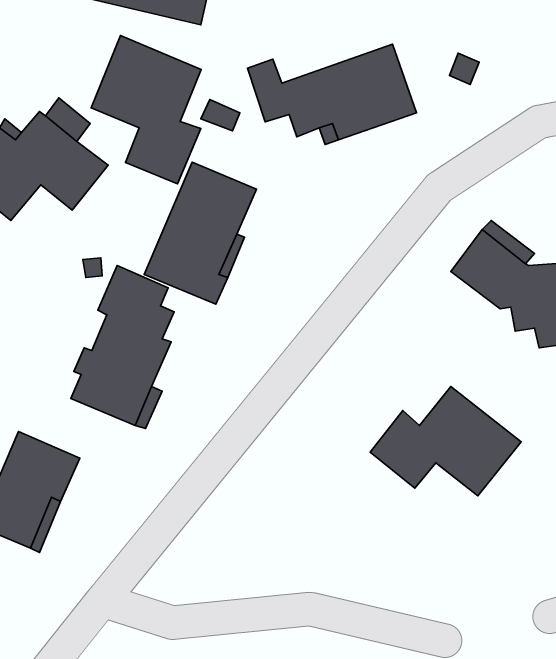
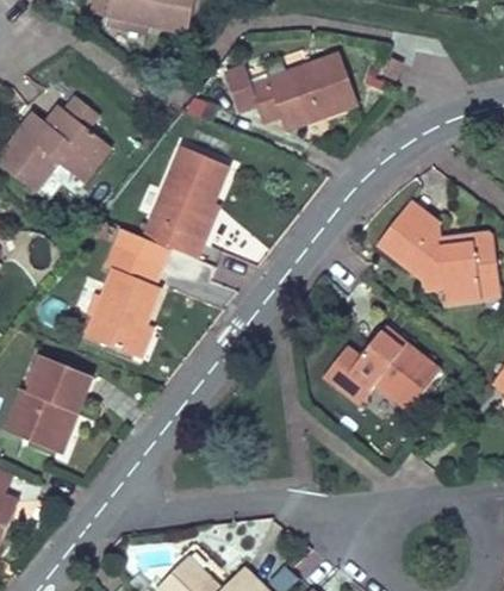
building: [91,36,201,184] -> none

